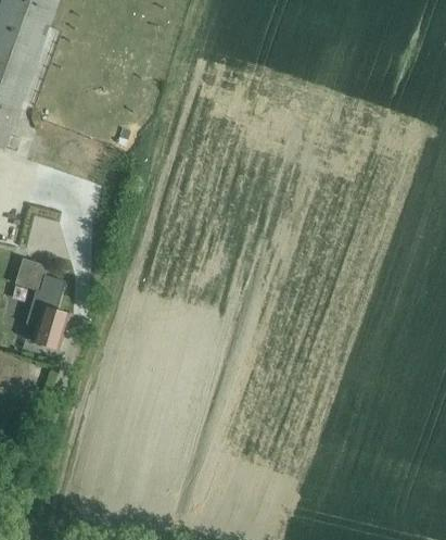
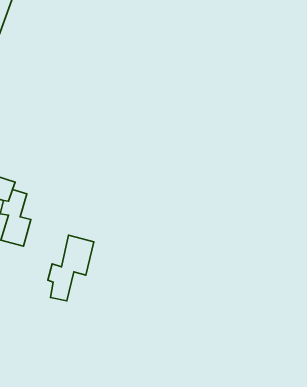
building: none -> [48,235,94,301]

